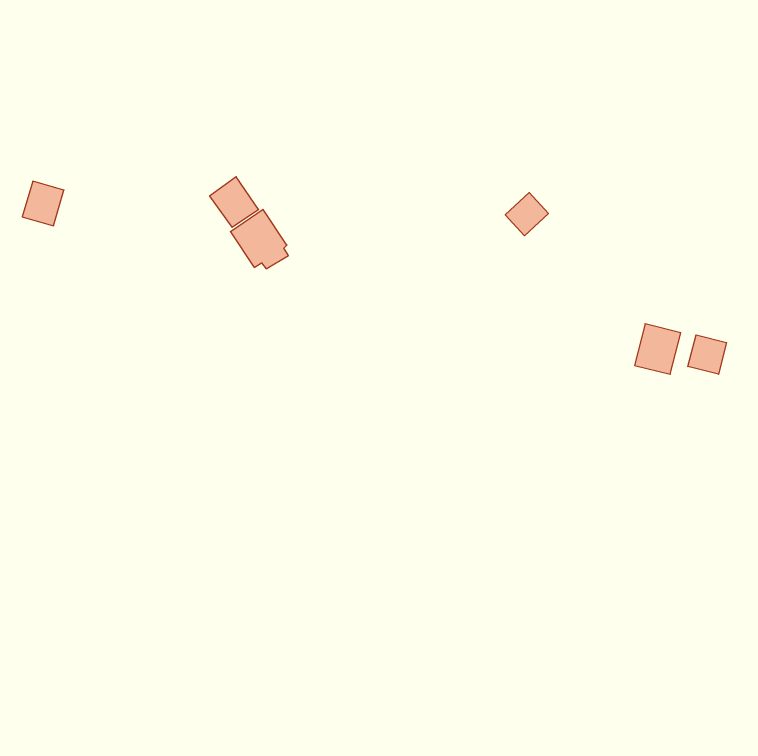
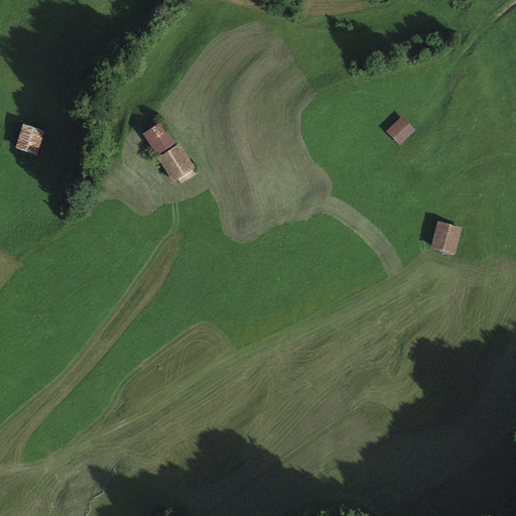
building: [505,193,548,236] -> [385,115,414,144]
building: [688,335,727,374] -> none

